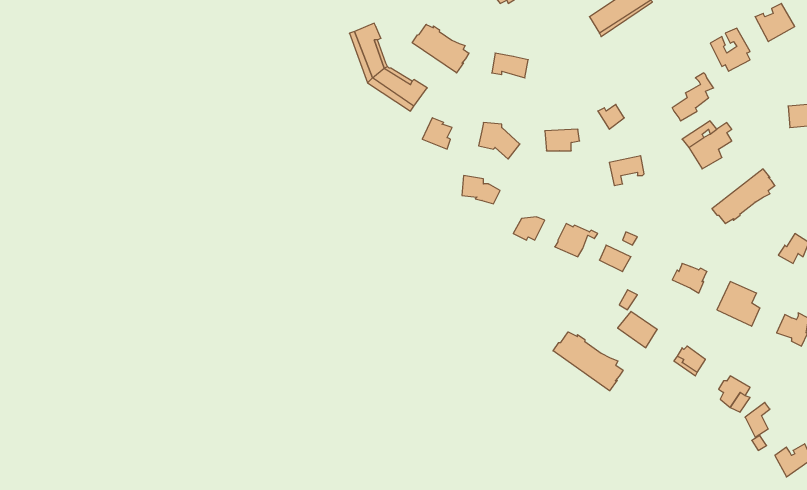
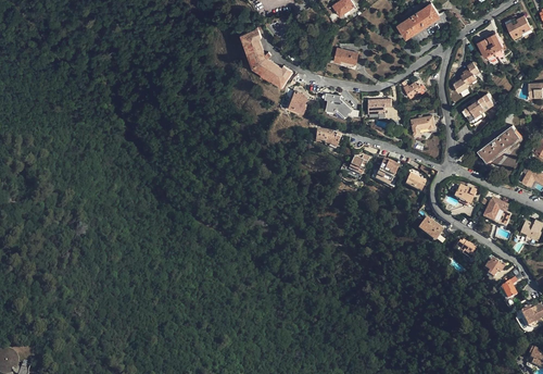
building: [412,24,469,73] -> none
building: [553,332,623,391] -> none

